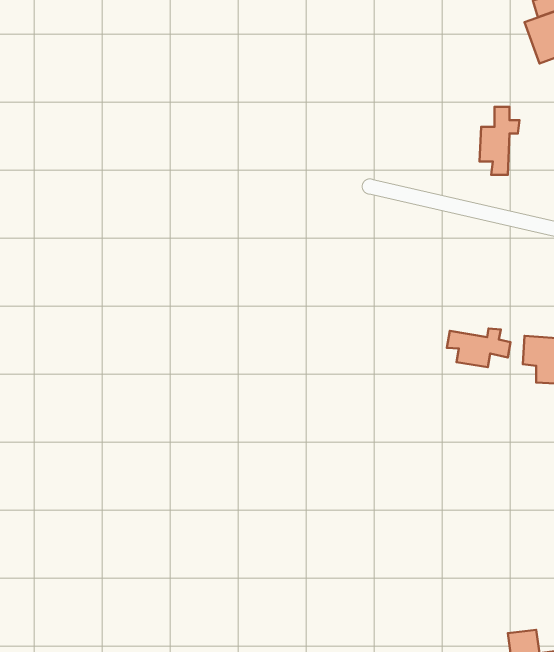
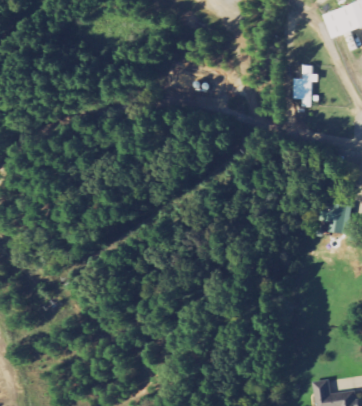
building: [447,329,511,367] -> none

